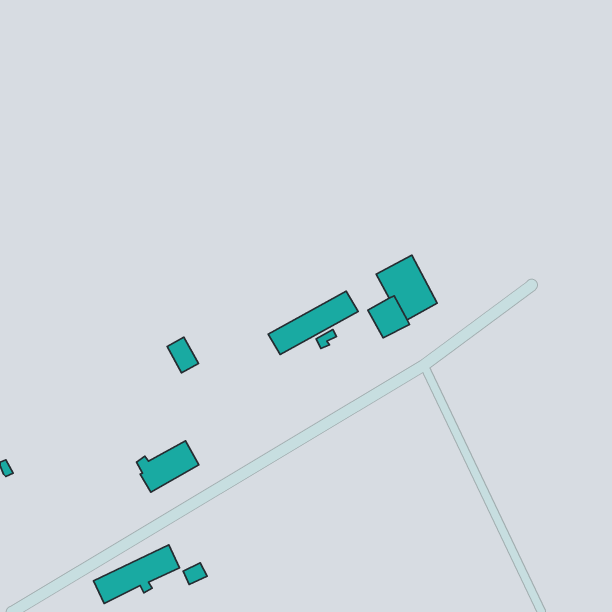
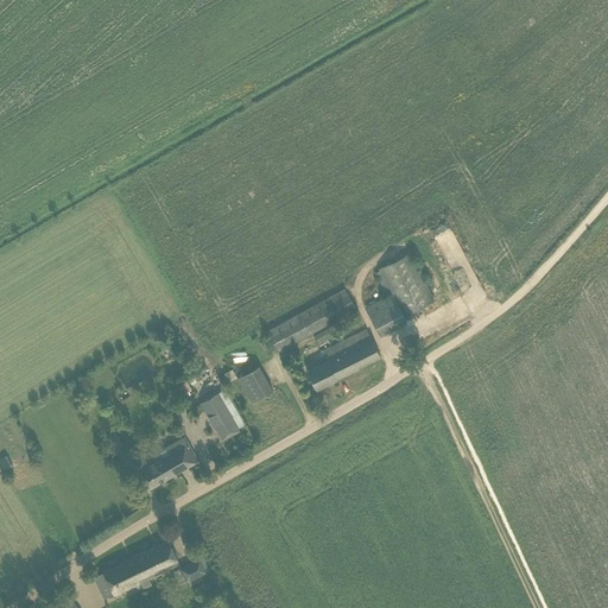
building: none -> [306,328,380,390]
building: [167,337,198,373] -> [201,391,232,426]
building: none -> [236,365,272,401]

